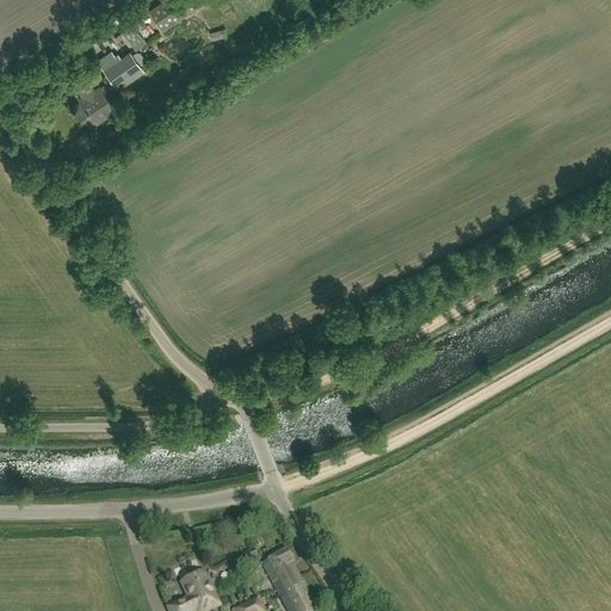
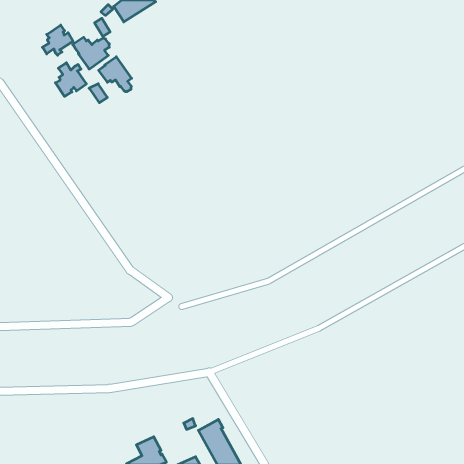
building: none -> [42,25,73,55]
building: none -> [99,57,132,92]

